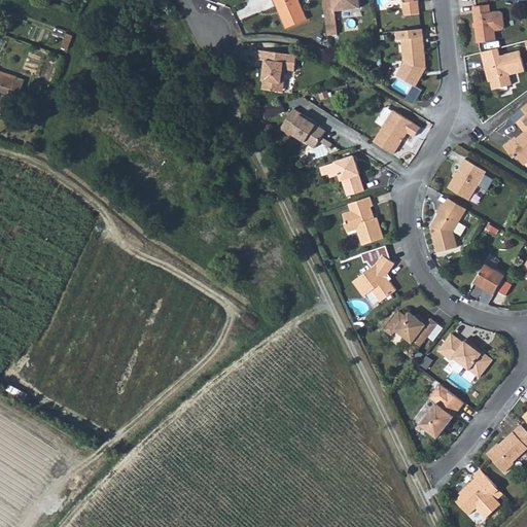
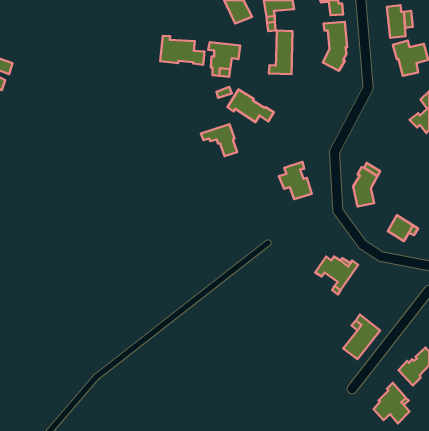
building: none -> [269,31,292,74]
building: none -> [160,36,204,65]
building: [372,109,418,154] -> none
building: [317,156,361,196] -> [201,124,237,156]
building: [448,159,486,200] -> none
building: [352,248,395,303] -> none
building: [436,332,492,377] -> none

